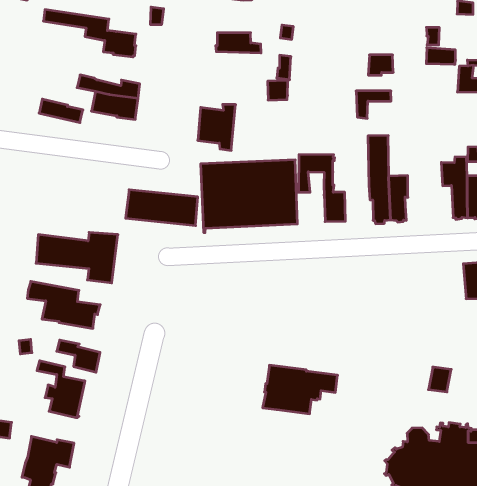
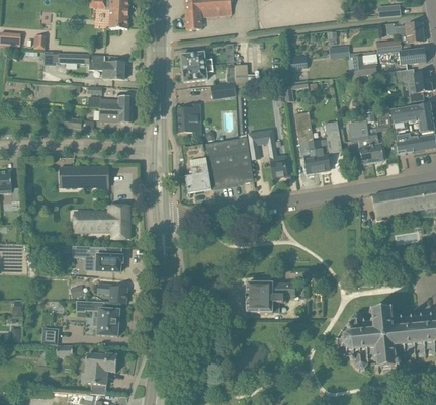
building: none -> [182,65,213,82]
building: none -> [325,120,342,153]
building: [126,190,198,226] -> [60,166,109,187]

